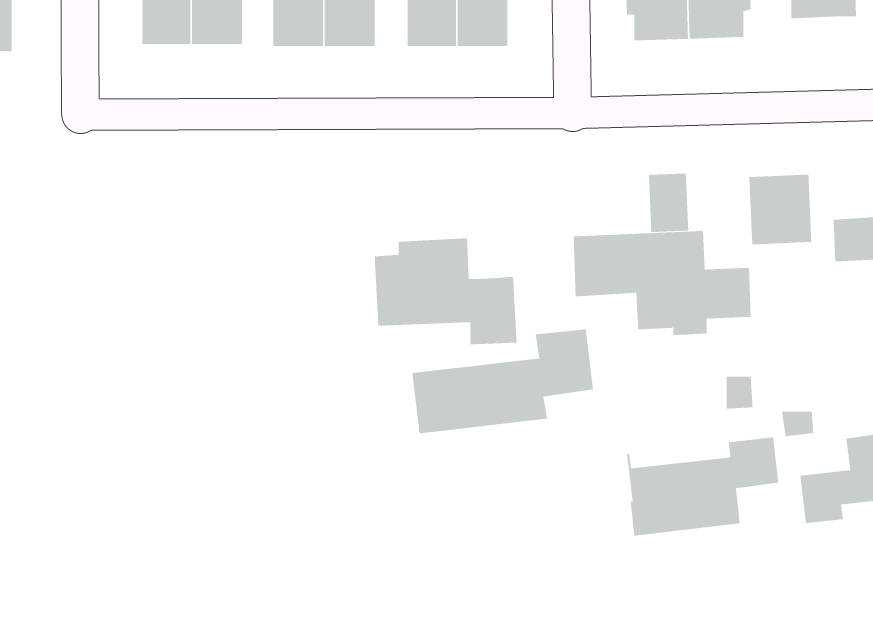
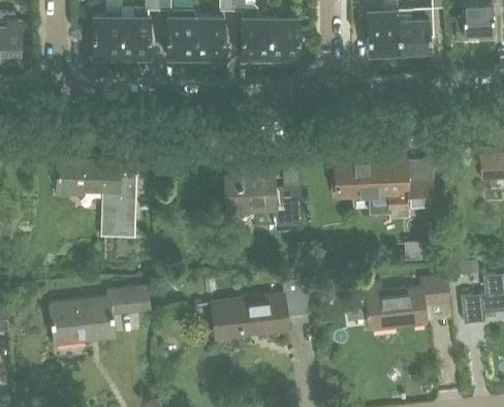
building: [648,173,689,233] -> none
building: [749,174,812,245] -> none
building: none -> [55,159,135,237]
building: [411,329,594,434] -> [212,279,314,338]
building: none -> [51,286,151,341]

